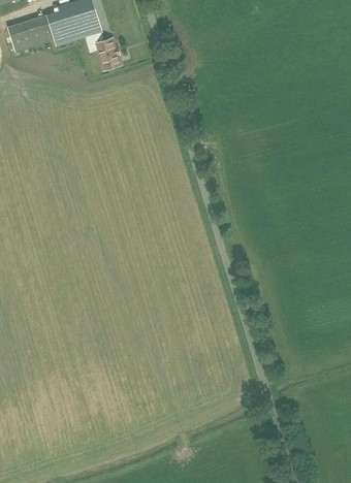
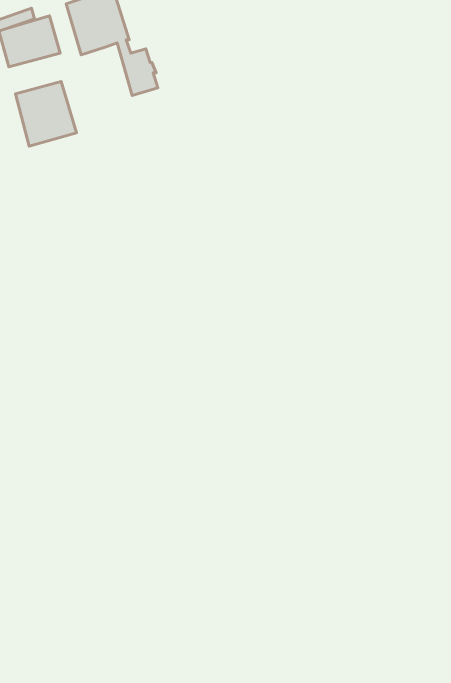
building: none -> [15,81,77,146]

